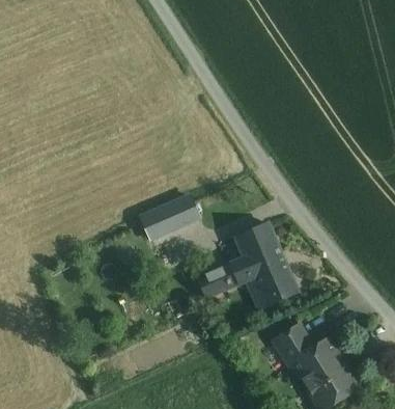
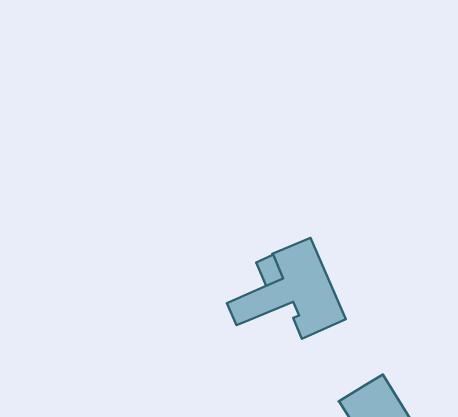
building: [141,198,199,242] -> none
building: [275,324,313,363] -> none

